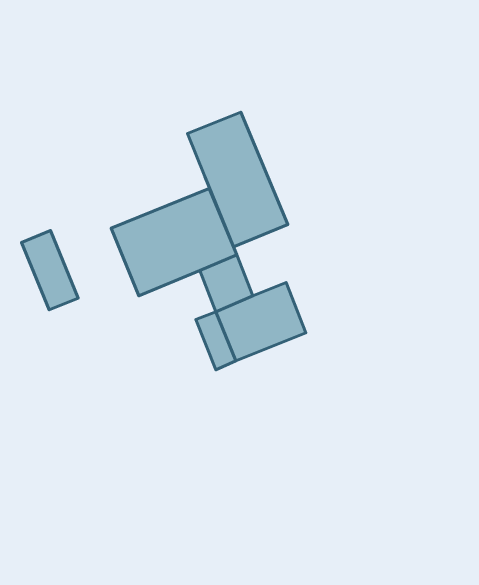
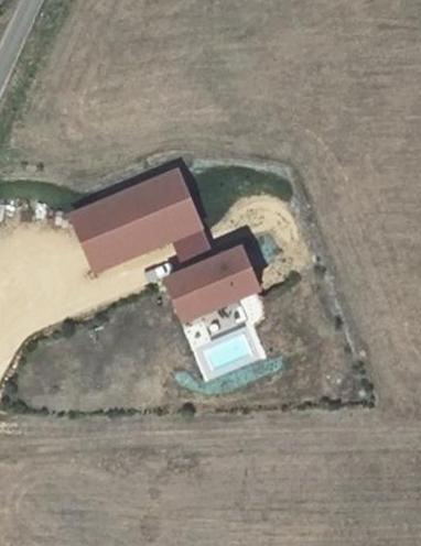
building: [187,112,288,247] -> none
building: [21,231,78,310] -> [72,204,119,270]

